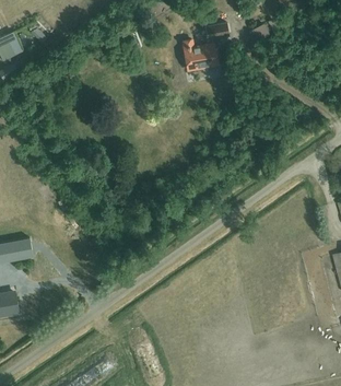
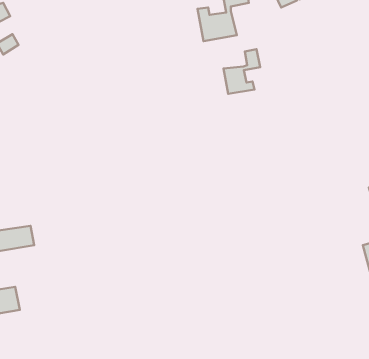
building: none -> [224,49,260,94]

